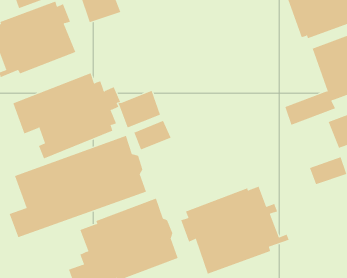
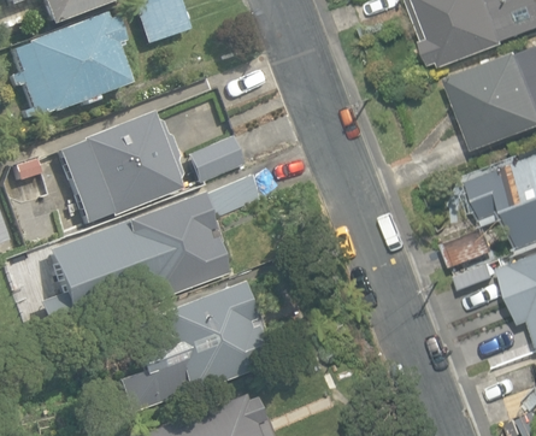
building: [181,186,289,274] -> none

